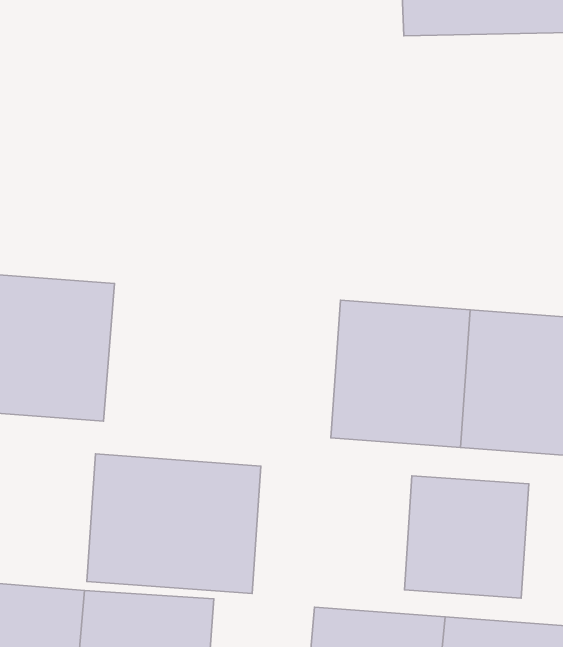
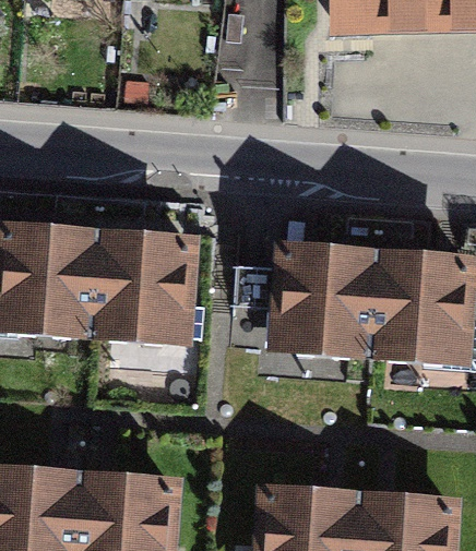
building: none -> [92,231,203,348]
building: [87,454,261,594] -> none
building: [404,476,529,598] -> none

